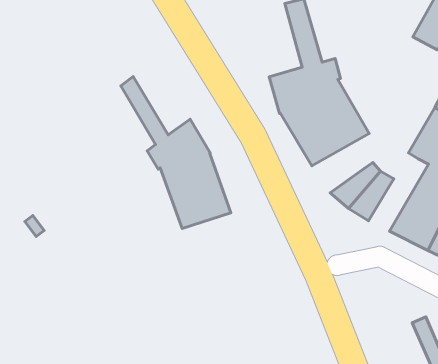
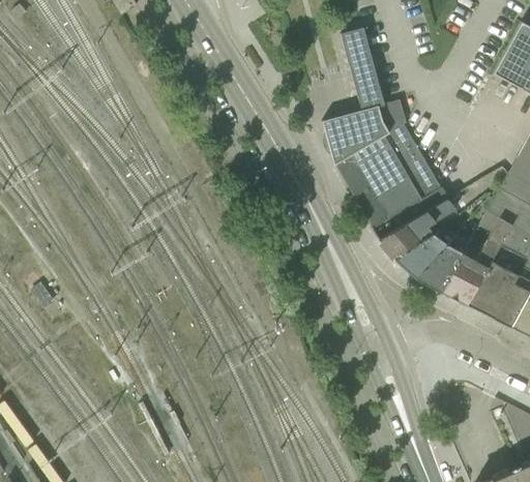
building: [121,77,231,229] -> none
building: none -> [379,199,457,259]
building: none -> [441,218,512,304]

